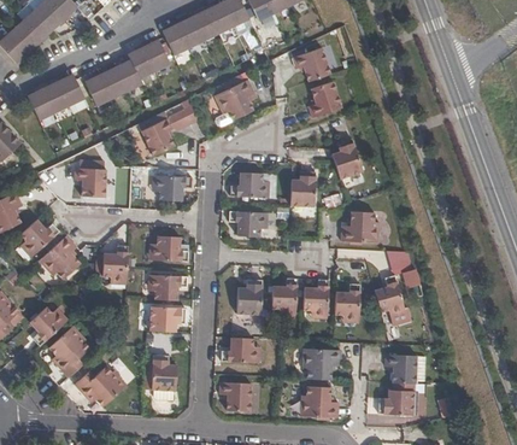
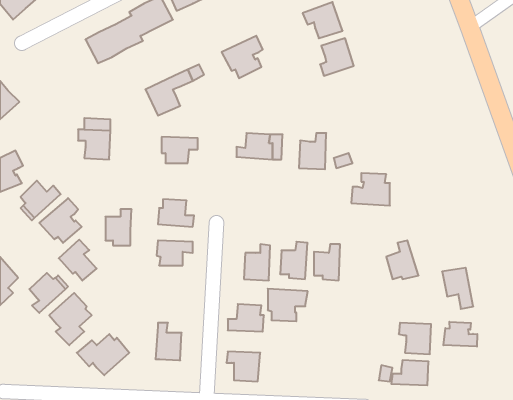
building: [27,75,82,119] -> none
building: [331,139,363,180] -> none
building: [228,211,263,236] -> none
building: [387,247,417,287] -> [442,268,473,309]
building: none -> [59,240,97,281]
building: [334,286,360,321] -> none
building: [149,308,186,332] -> none
building: [302,350,341,381] -> [268,289,308,321]
building: none -> [443,322,477,347]
building: [300,387,337,418] -> none

